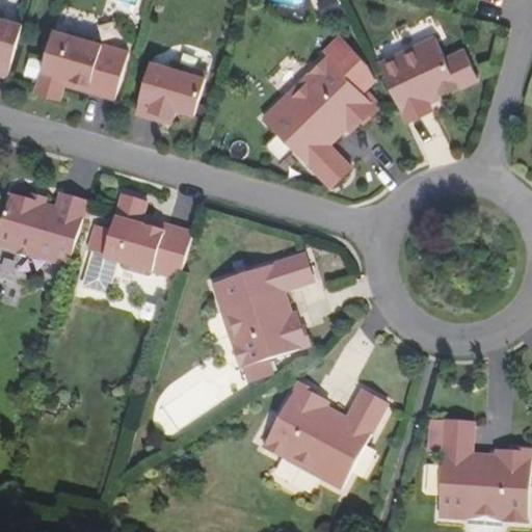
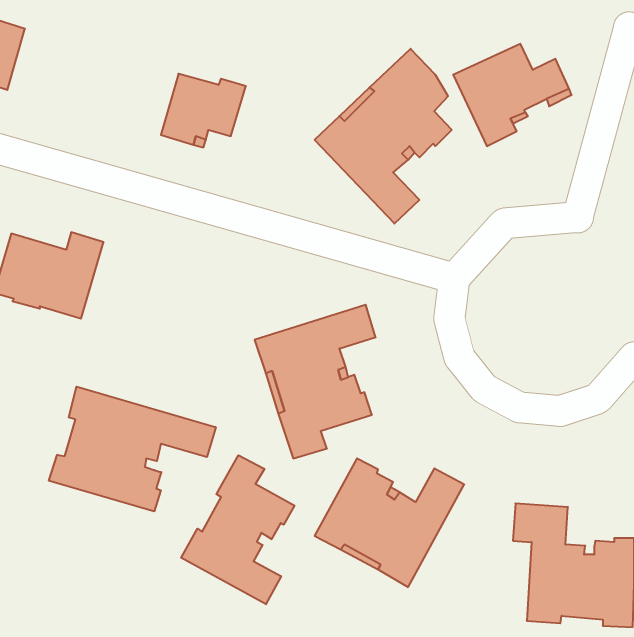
building: [33,29,127,98] -> none
building: [82,194,191,292] -> none
building: none -> [49,387,216,511]
building: none -> [181,455,294,604]

